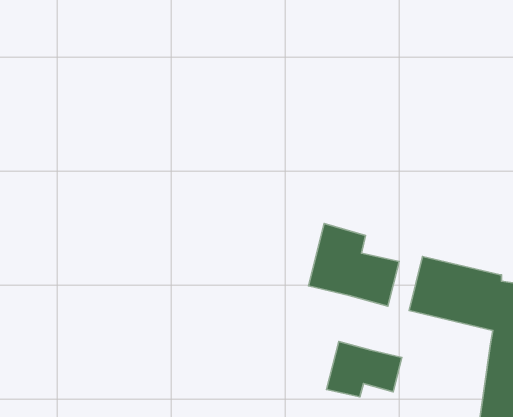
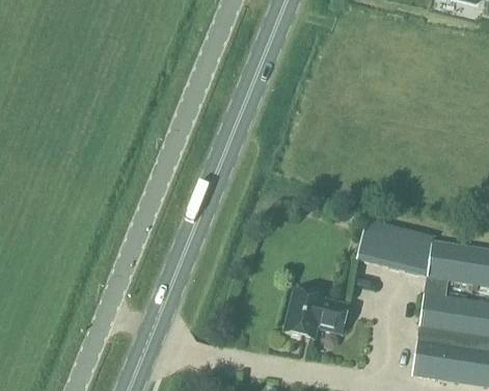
building: [309,223,399,306] -> none

